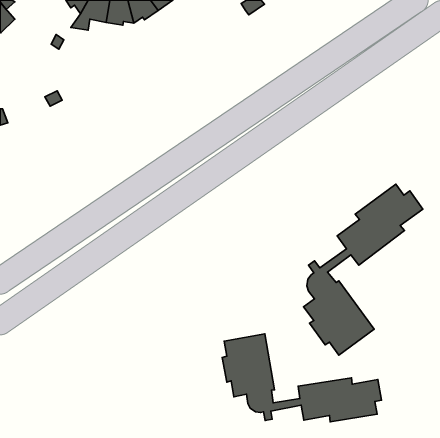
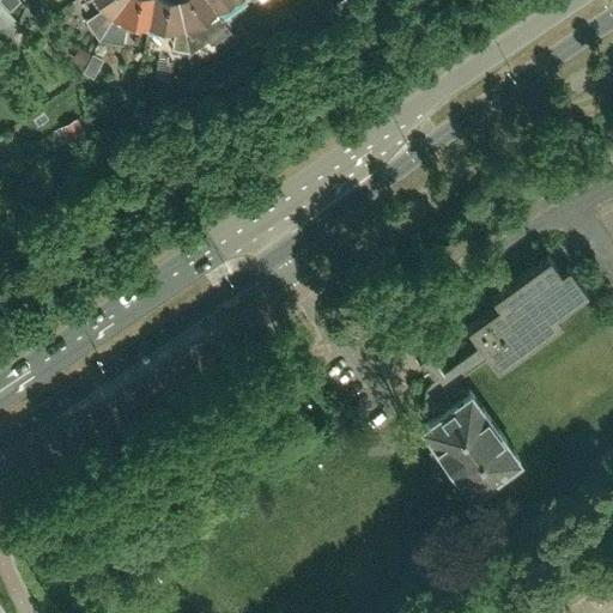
building: [222,334,382,422] -> none

